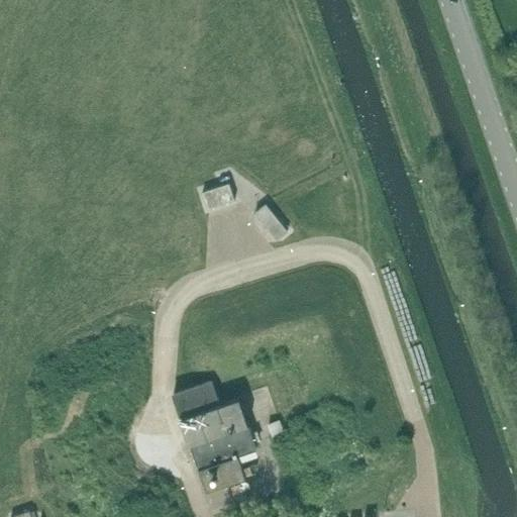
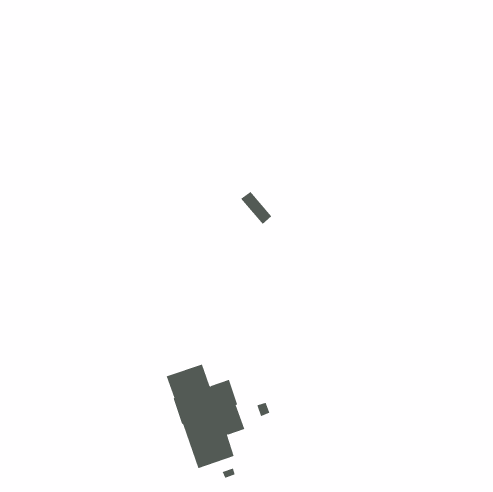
building: [202,184,234,211] -> none

